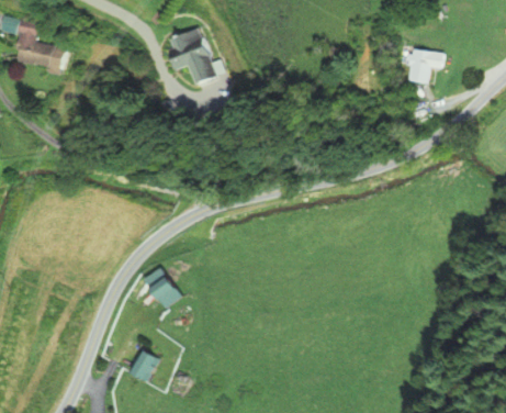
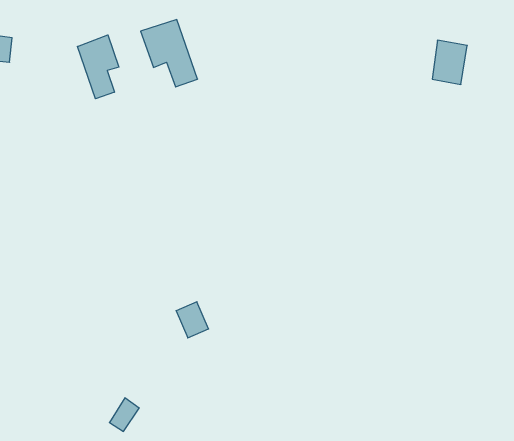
building: none -> [77,35,119,99]
building: [154,276,181,306] -> [176,302,209,338]

